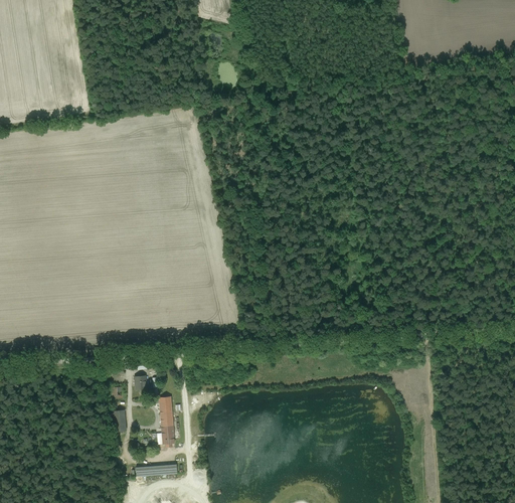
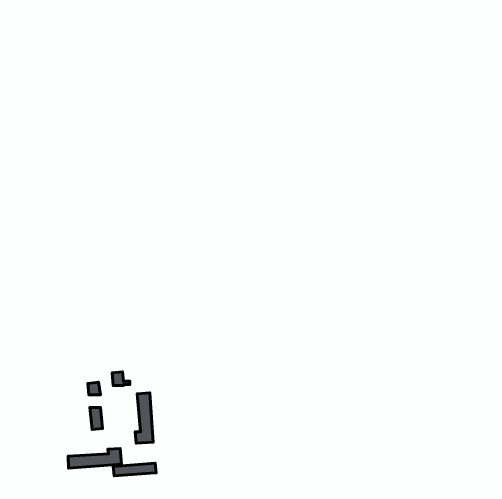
building: none -> [68,448,121,468]

